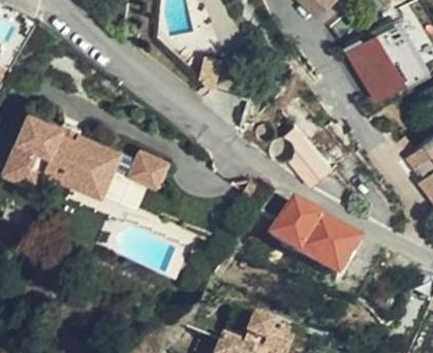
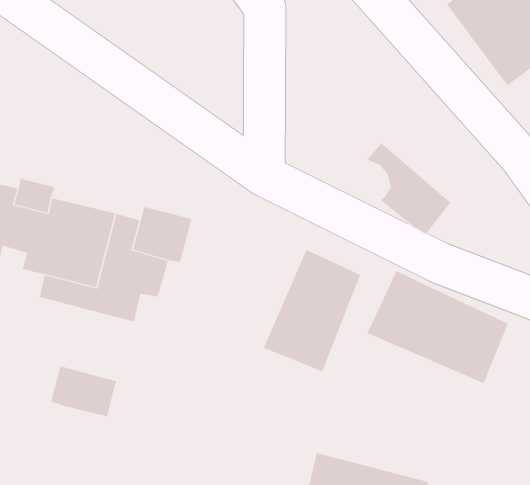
building: none -> [263,249,361,372]
building: none -> [51,366,117,417]

